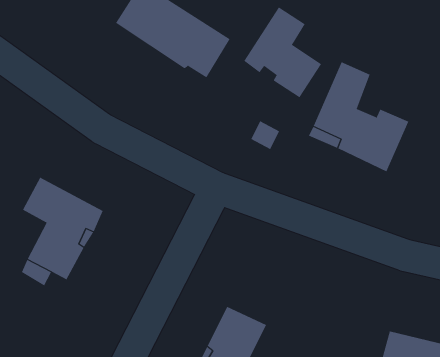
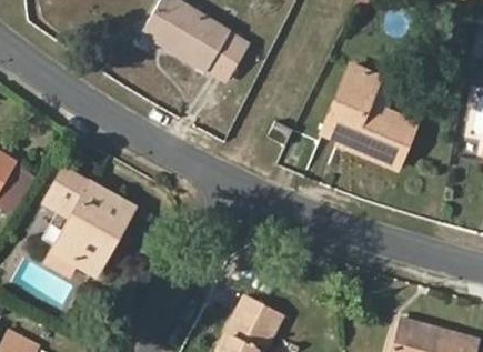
building: [244,7,322,98] -> none

